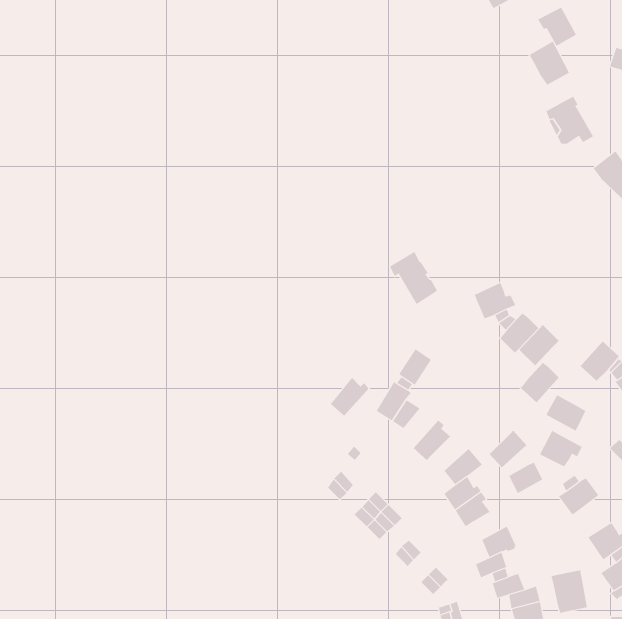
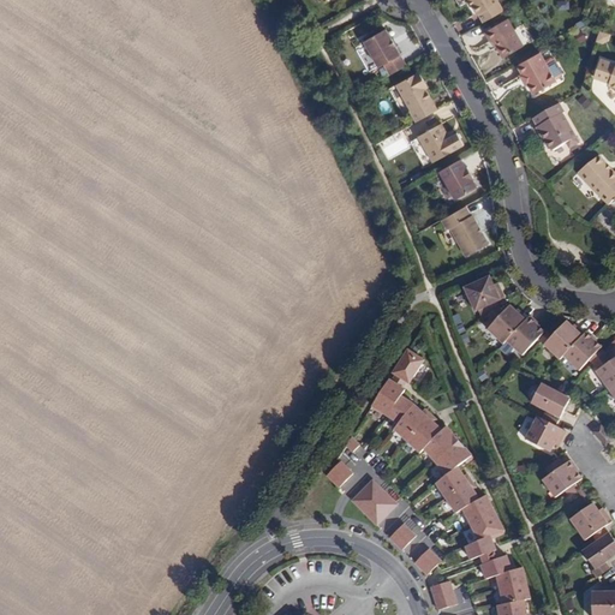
building: [537,7,577,46] -> [483,18,520,55]
building: none -> [363,31,405,77]
building: none -> [394,73,435,124]
building: none -> [416,125,454,163]
building: none -> [438,160,474,201]
building: [389,251,438,305] -> [441,207,486,257]
building: [520,362,559,403] -> [544,322,581,360]
building: [330,377,370,417] -> [393,396,430,434]
building: [489,430,527,468] -> [423,419,459,455]
building: [509,462,543,494] -> [462,490,495,520]
building: [551,569,587,614] -> none

